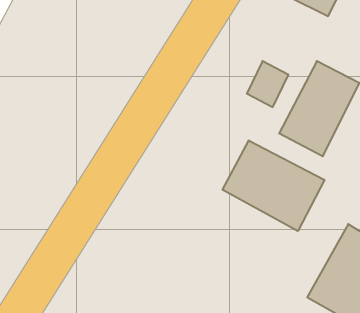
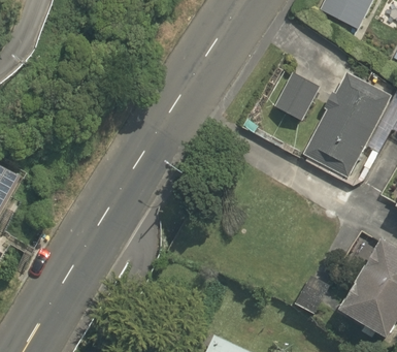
building: [223,140,324,231] -> none

